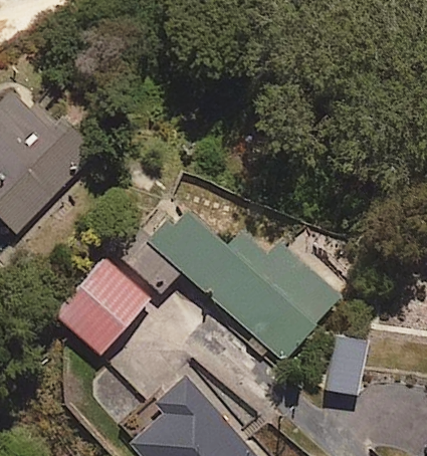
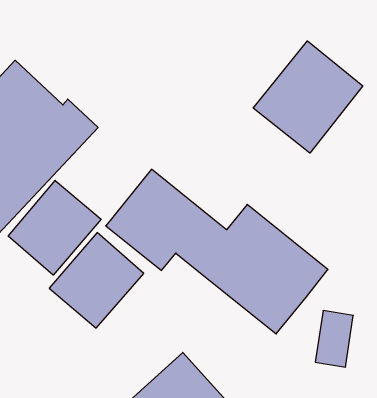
building: none -> [253,41,363,153]
building: none -> [8,180,101,275]

